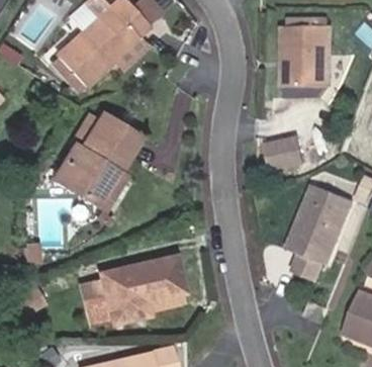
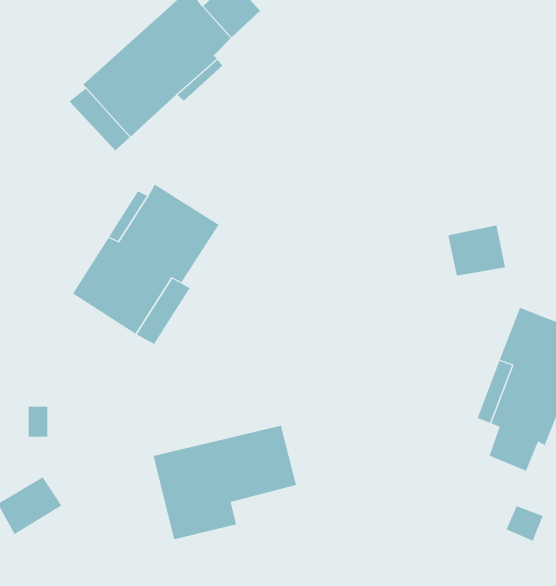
building: [287,26,331,88] -> none
building: [80,281,110,328] -> none

